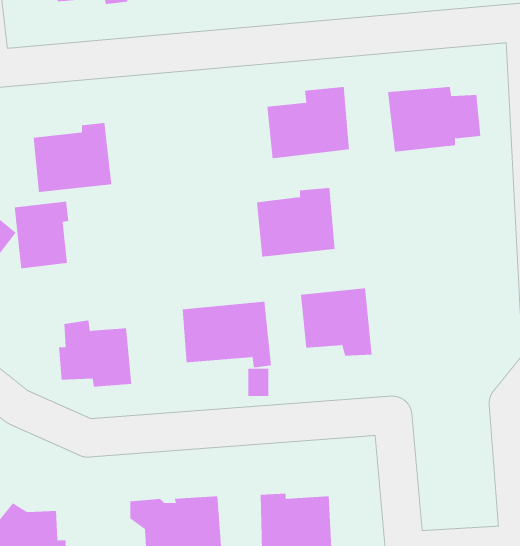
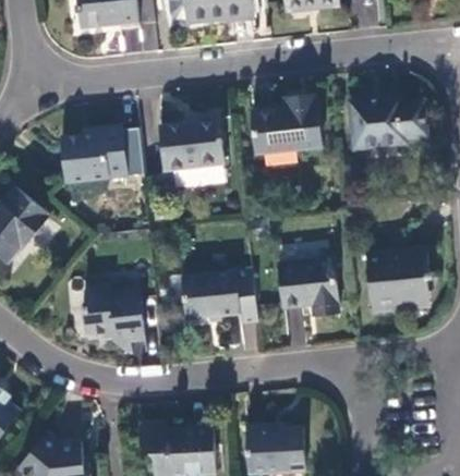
building: [256,187,335,257] -> [159,115,223,172]
building: [14,201,69,269] -> none
building: none -> [367,253,434,313]

